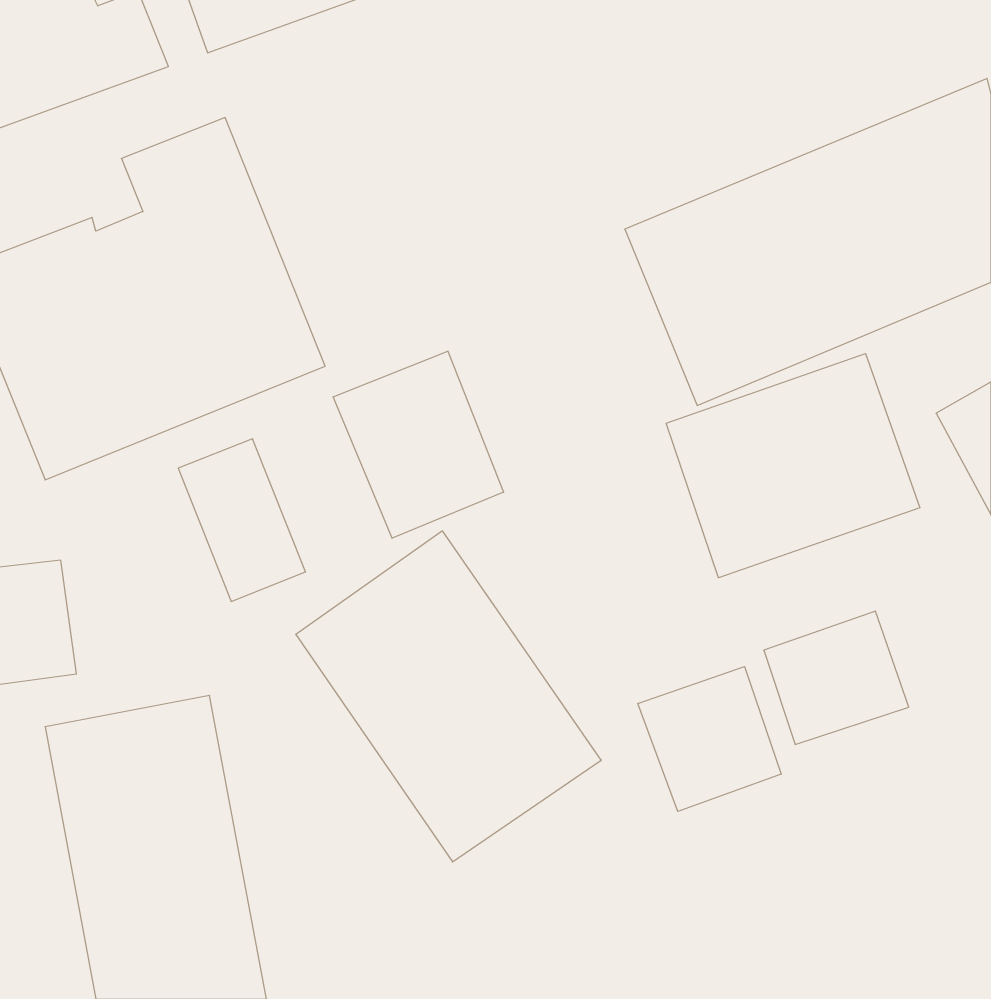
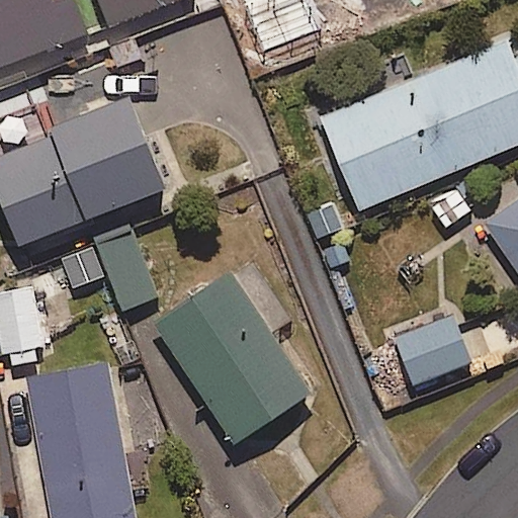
building: [333,351,504,538] -> none
building: [666,354,920,578] -> none
building: [638,667,781,811] -> none

